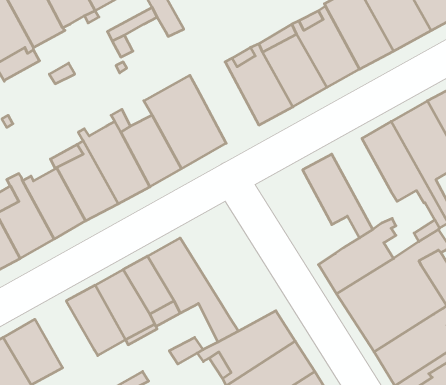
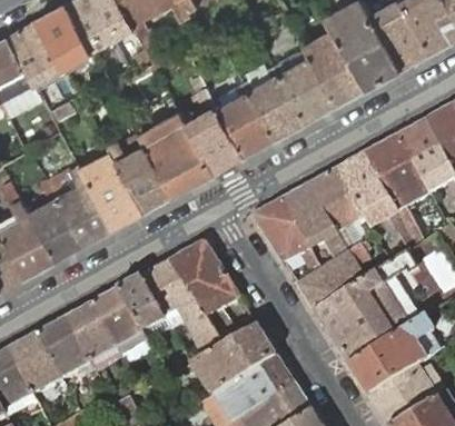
building: none -> [186,88,243,174]
building: none -> [309,169,364,252]
building: none -> [254,198,320,275]
building: none -> [170,242,239,317]
building: none -> [37,318,91,379]

